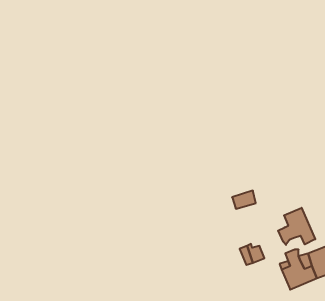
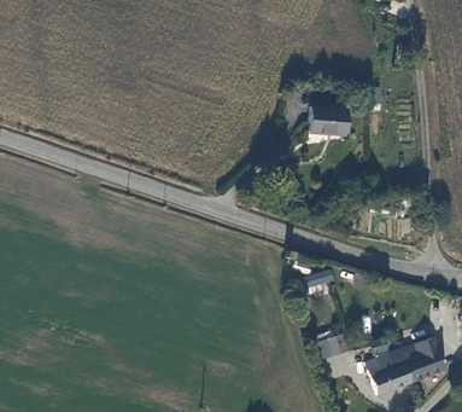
building: none -> [309,108,345,134]
building: [278,208,315,245] -> none

